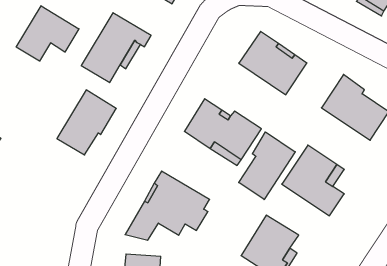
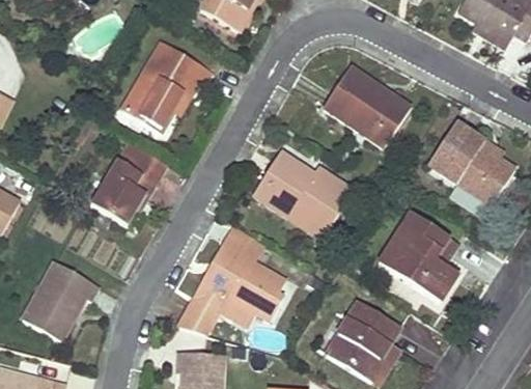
building: [16,6,79,61] -> none
building: [239,132,295,200] -> none
building: none -> [23,261,99,339]

